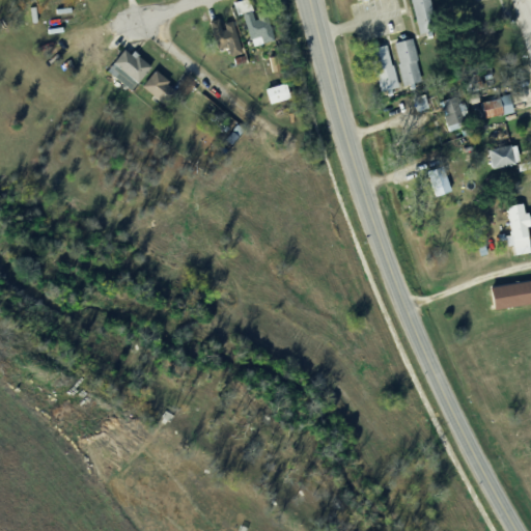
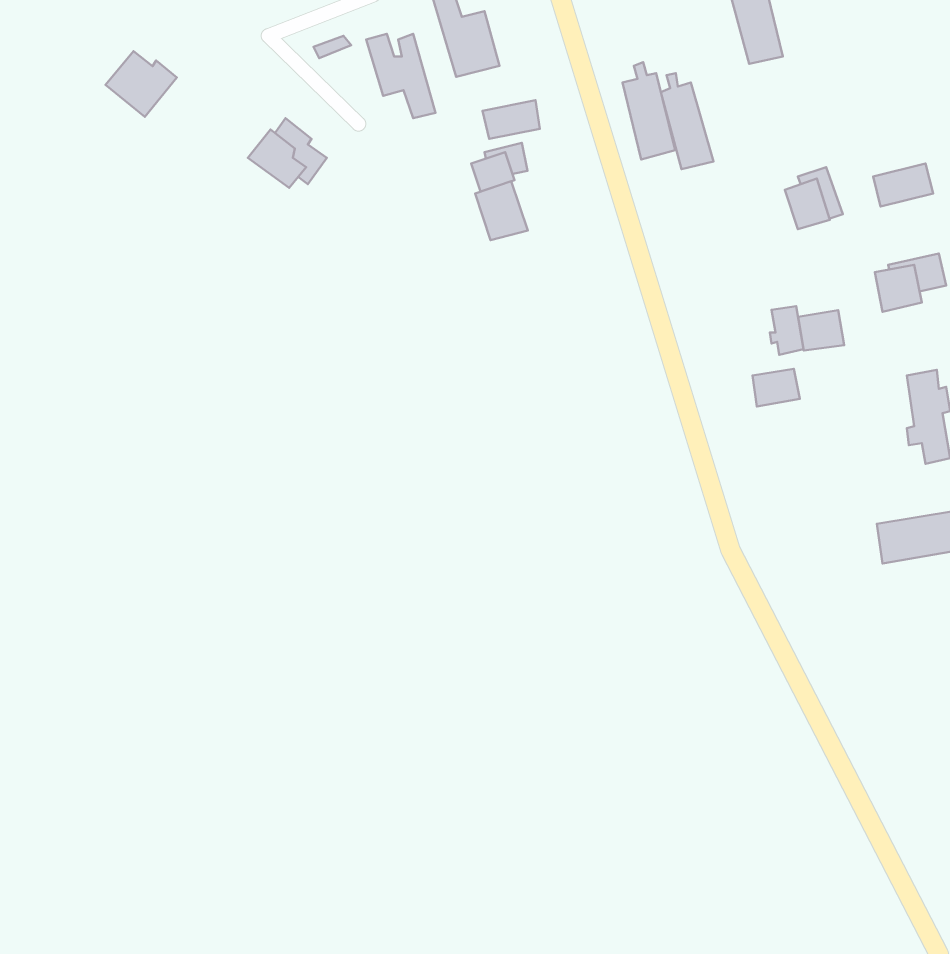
building: [393,33,422,87] -> [623,62,675,160]
building: [110,53,149,89] -> [105,51,177,117]
building: none -> [483,100,540,139]
building: none -> [475,181,528,240]
building: none -> [798,310,844,351]
building: none -> [753,369,800,406]

